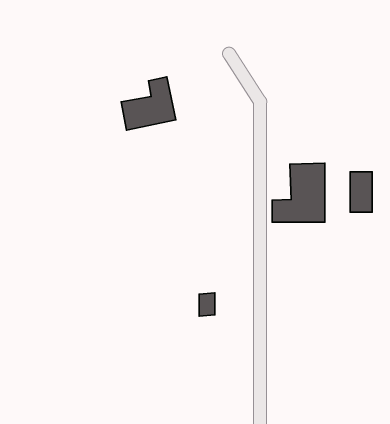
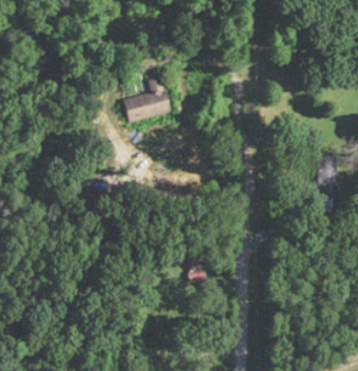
building: [272,163,325,222] -> none

